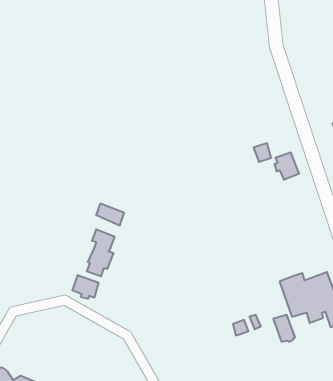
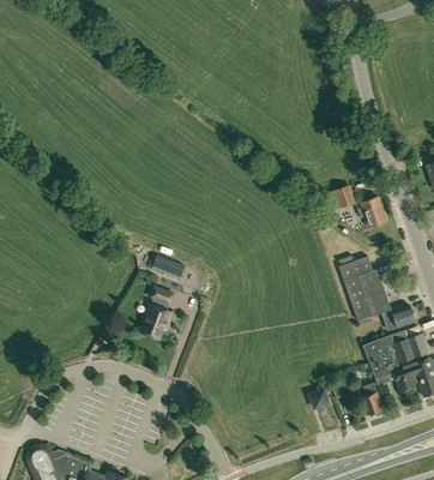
building: none -> [339,256,415,330]
building: [72,275,99,299] -> none

